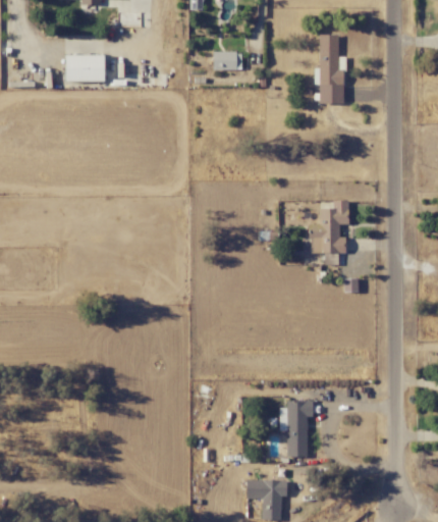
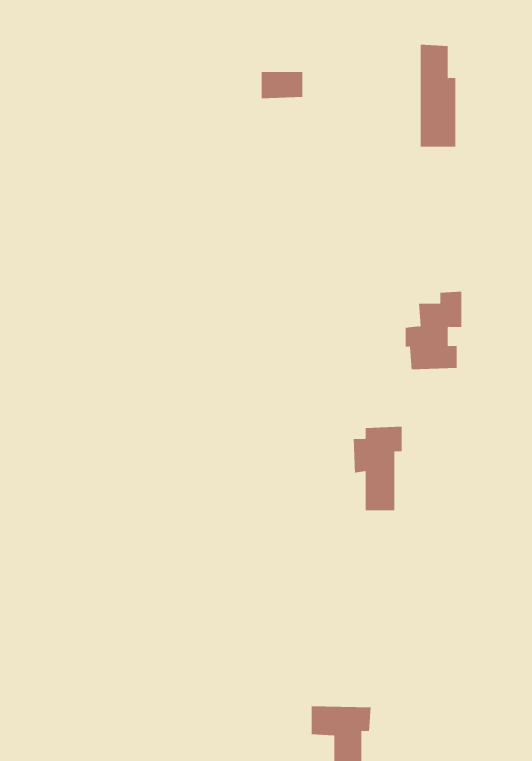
building: [65,55,104,83] -> none
building: [279,401,313,458] -> [353,426,403,511]

